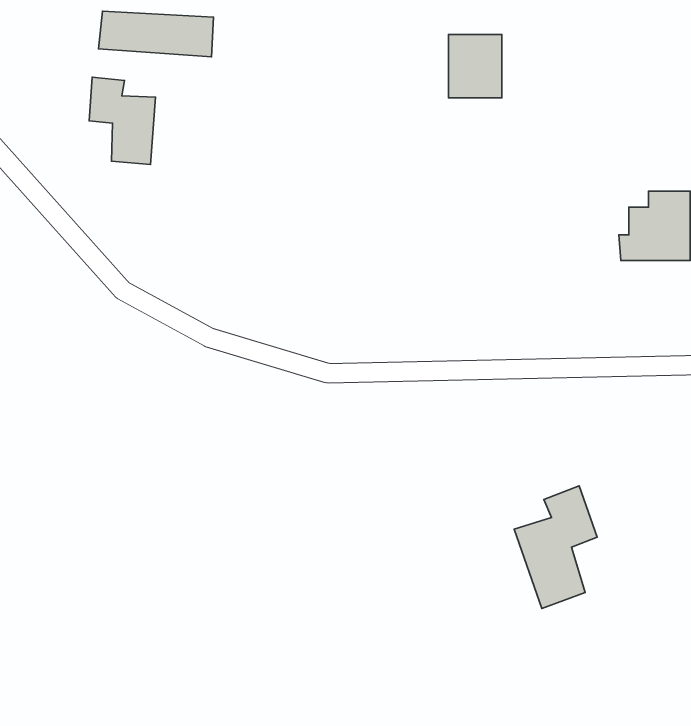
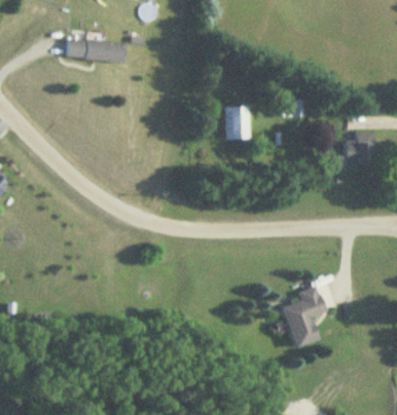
building: [449,35,502,98] -> [222,106,250,139]
building: [89,77,155,164] -> none

